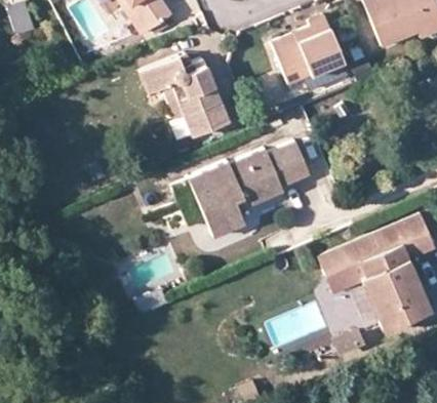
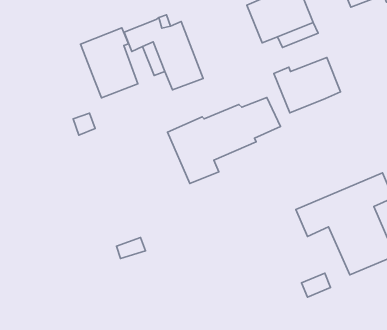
building: none -> [80,28,138,98]
building: none -> [274,58,340,113]

